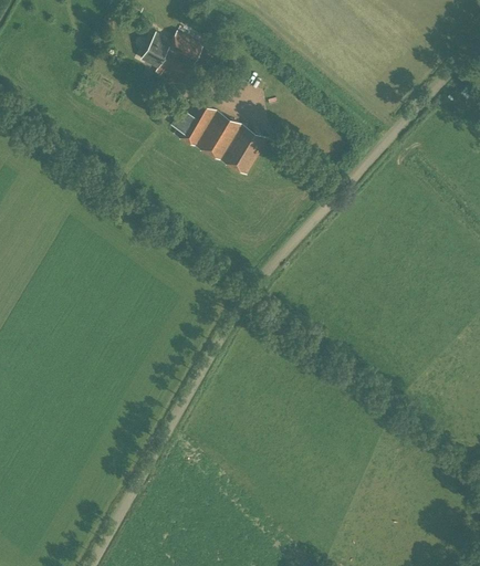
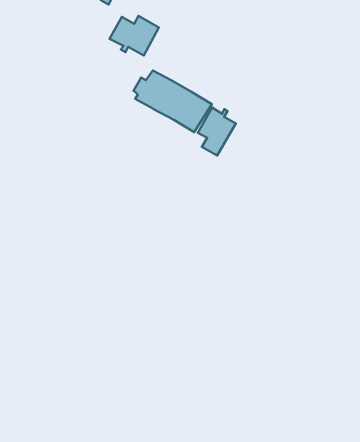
building: none -> [198,107,236,155]

